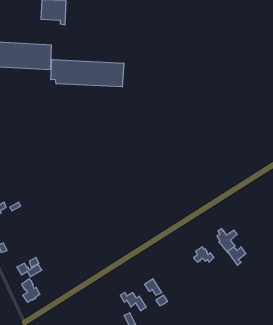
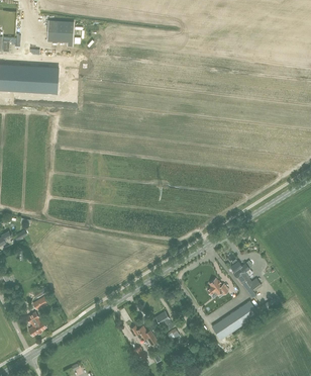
building: [51,59,124,87] -> none
building: none -> [211,300,257,339]

